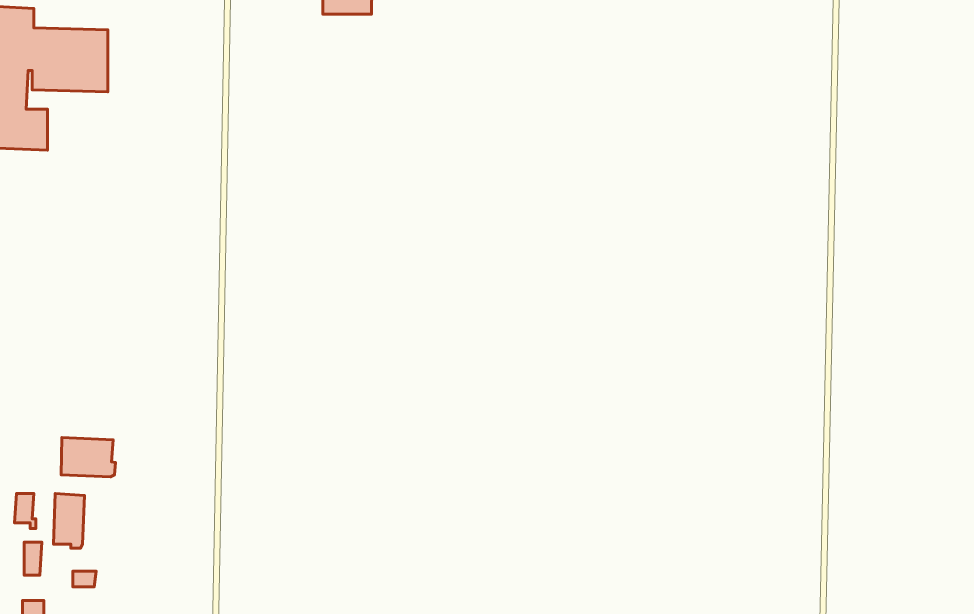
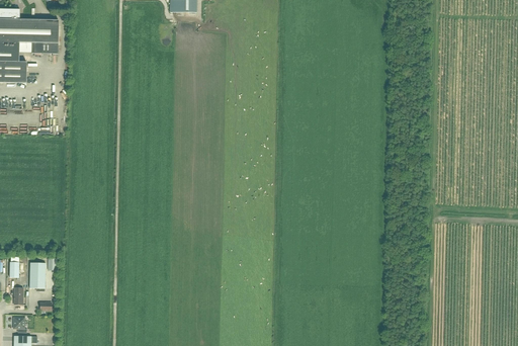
building: [61,438,115,477] -> none

